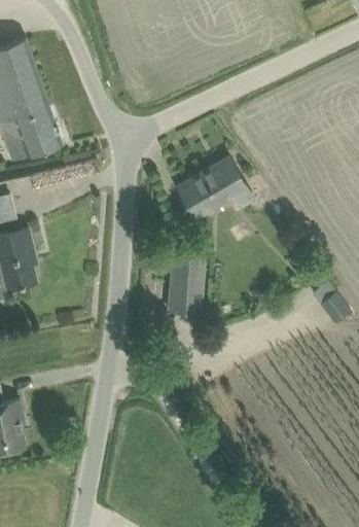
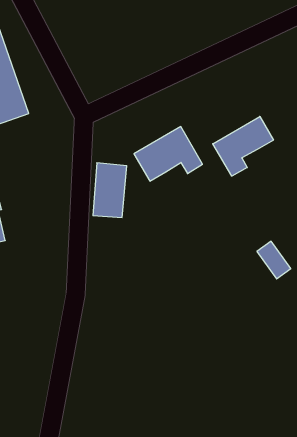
building: none -> [213,116,273,176]
building: [169,253,206,313] -> [93,163,127,217]

